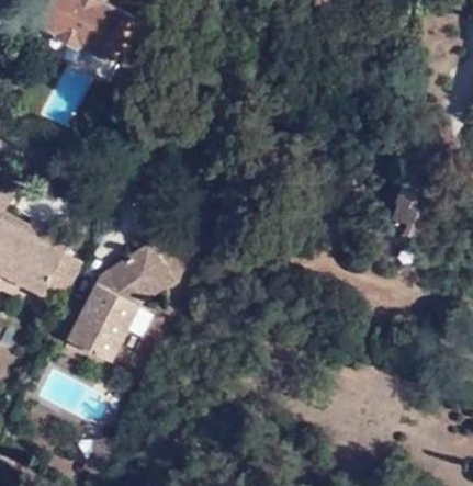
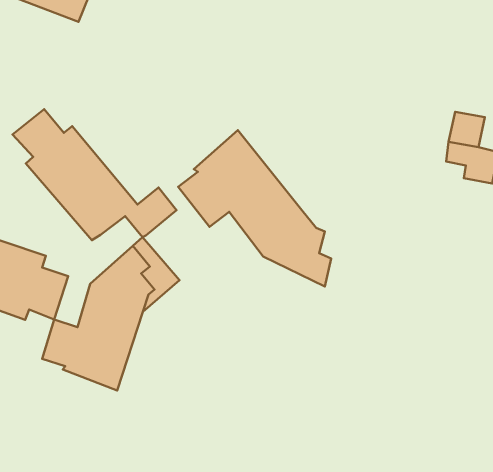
building: none -> [13,109,176,240]
building: none -> [178,130,331,287]

